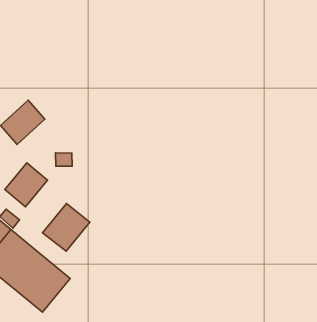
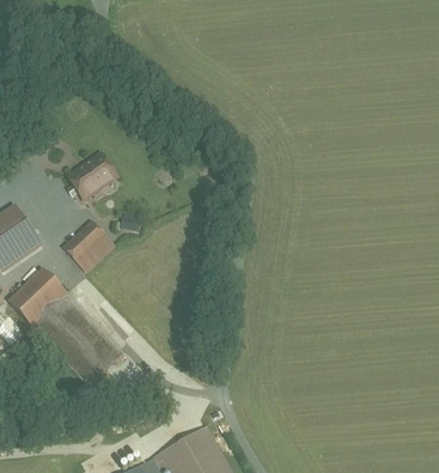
building: [43,204,90,251] -> none

